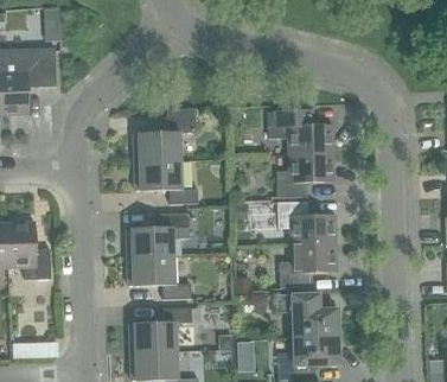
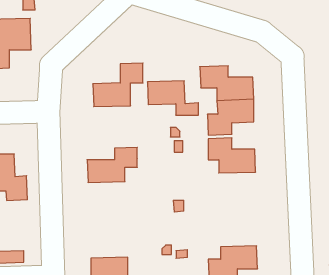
building: [134,160,198,203] -> [147,81,198,115]
building: [279,243,338,287] -> none
building: [127,255,191,298] -> none
building: [275,293,338,337] -> none
building: [129,307,192,351] -> none

